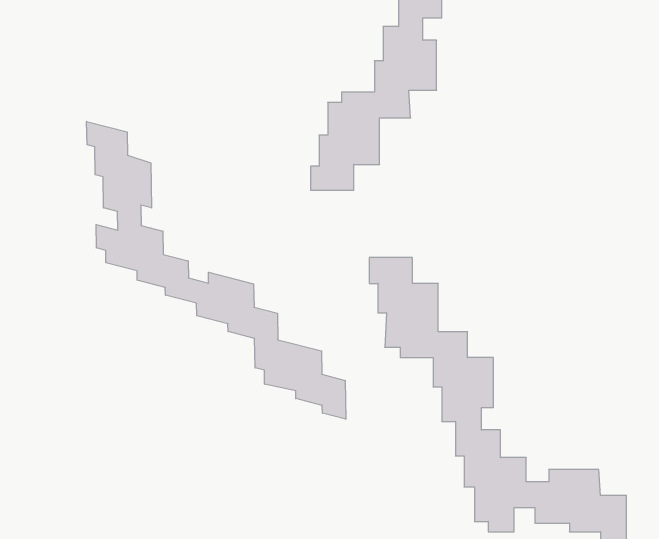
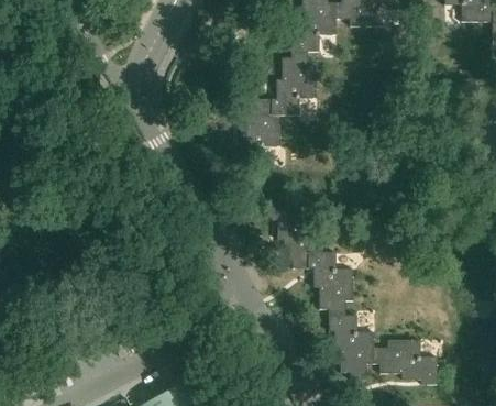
building: [87,121,346,419] -> none

